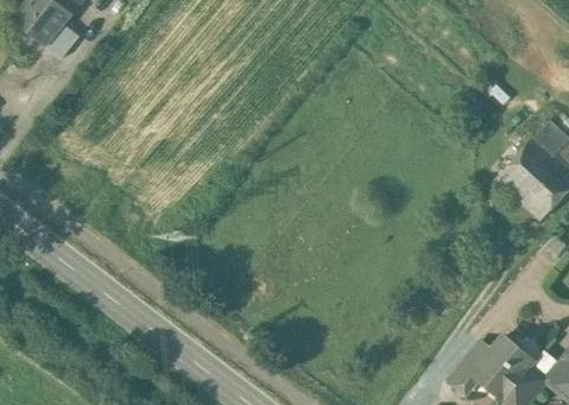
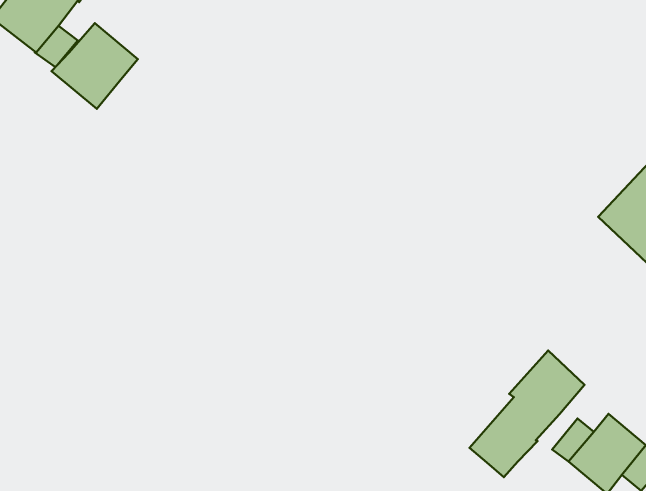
building: none -> [52,23,138,109]
building: none -> [469,350,584,477]

